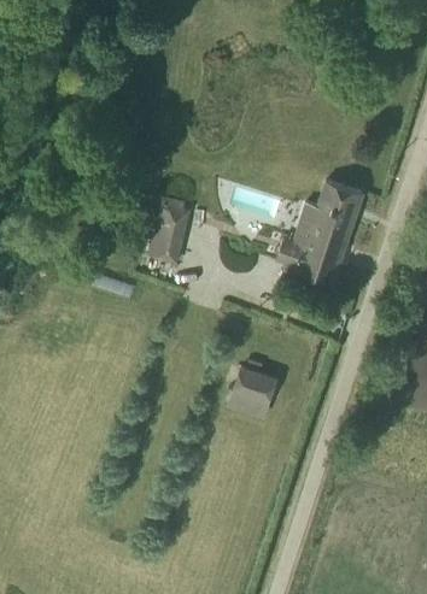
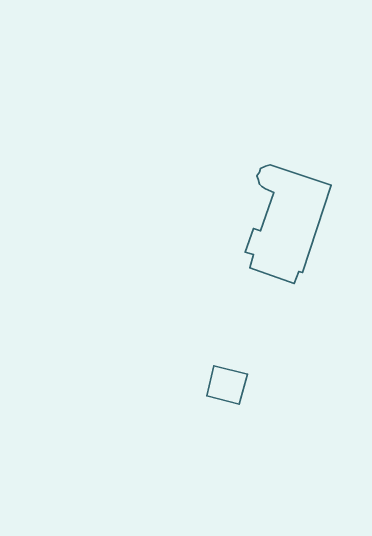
building: [152,198,191,265] -> none

